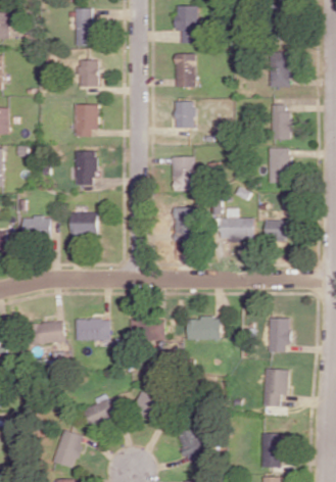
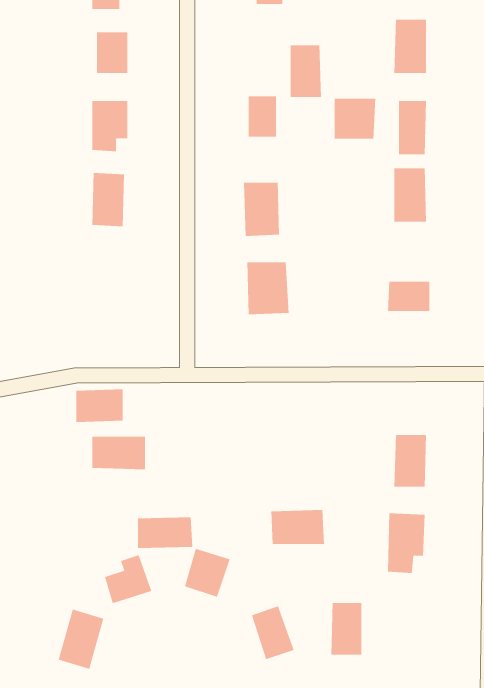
building: [175,54,195,88] -> [290,45,322,97]
building: none -> [334,98,376,139]
building: [219,208,253,239] -> none
building: [70,213,98,238] -> none
building: [22,218,50,237] -> none
building: [186,318,221,340] -> [270,509,325,545]
building: [129,320,164,340] -> [137,517,193,549]
building: [33,323,63,344] -> [76,389,124,422]
building: [261,434,282,468] -> [330,603,362,655]

